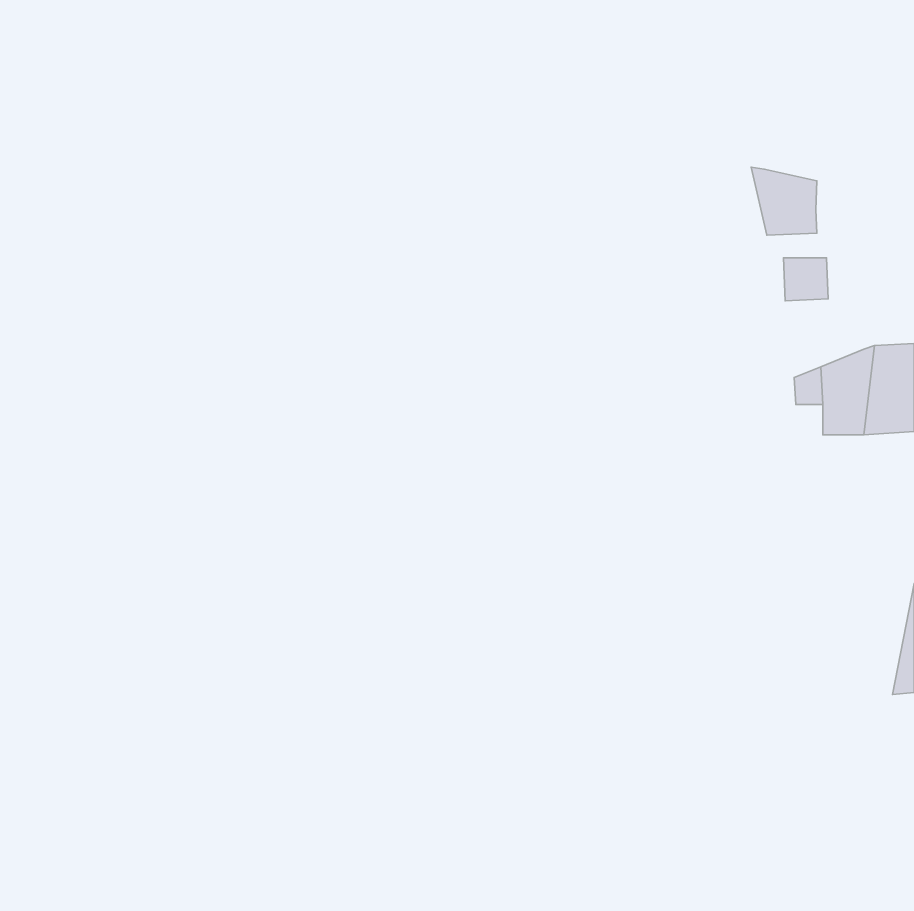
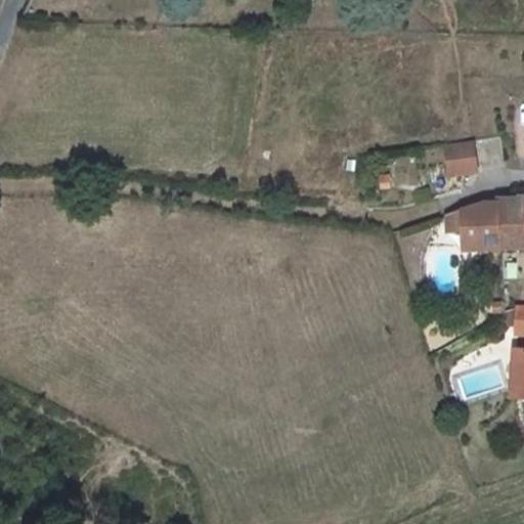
building: [751,167,817,235] -> none

